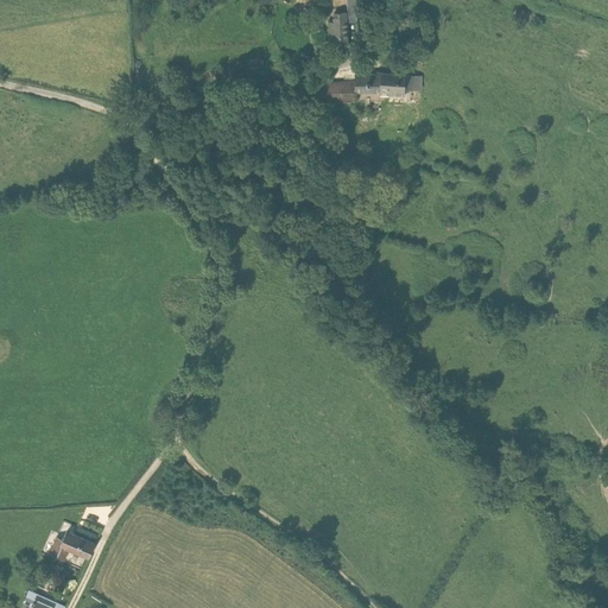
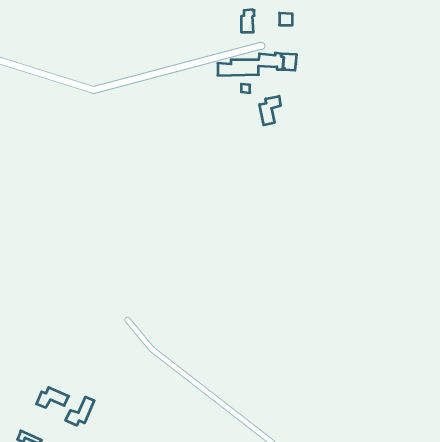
building: none -> [260,96,280,125]
building: none -> [66,397,94,425]

